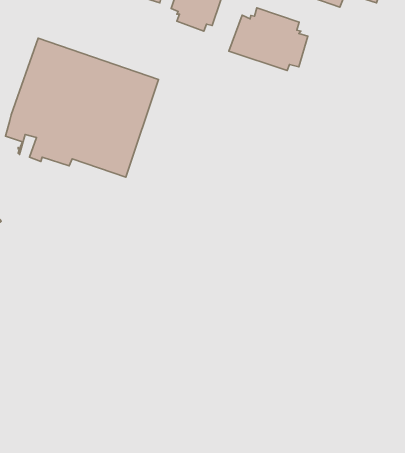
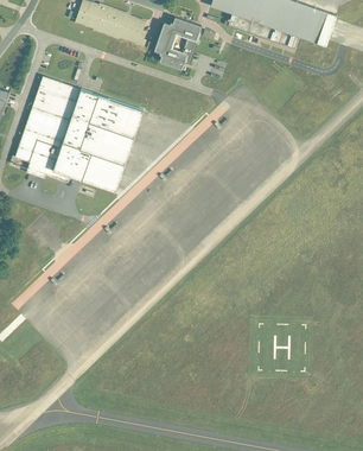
building: [229,8,308,70] -> none

